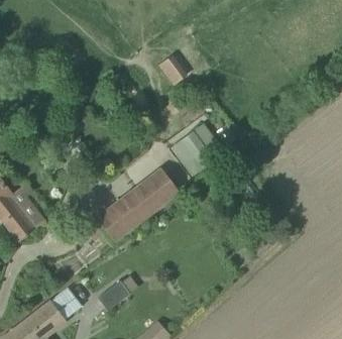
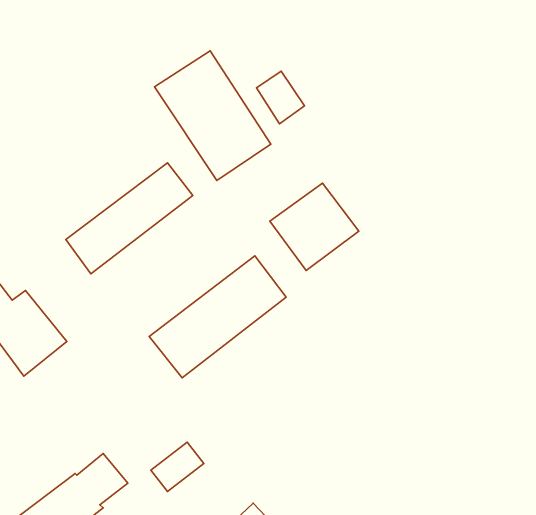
building: none -> [154,51,271,180]
building: none -> [66,163,193,274]

